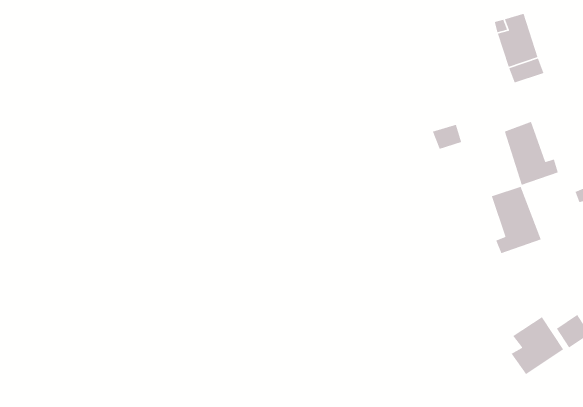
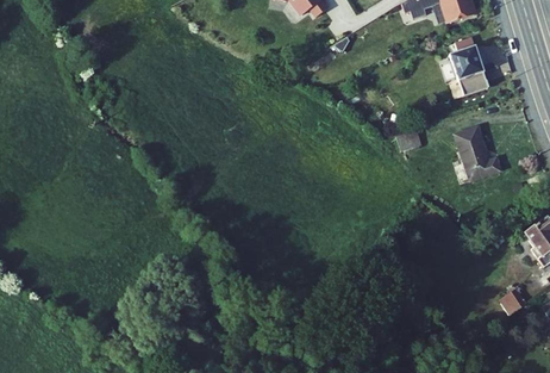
building: [491,186,542,254] -> none
building: [511,316,564,375] -> none

